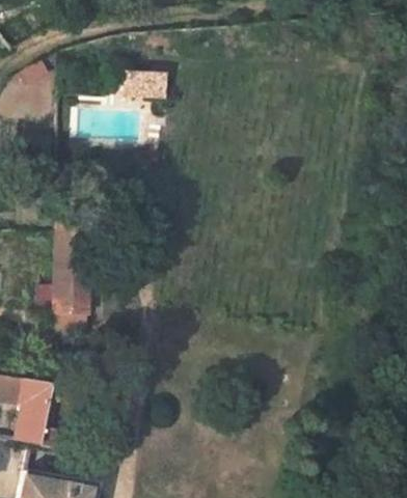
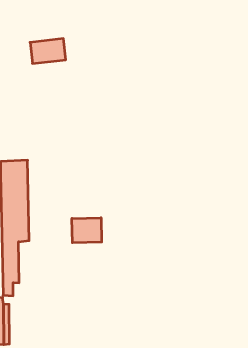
building: none -> [72,218,102,243]

